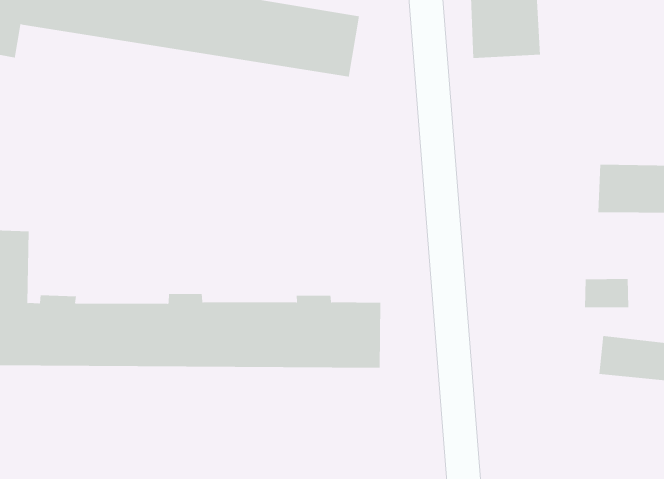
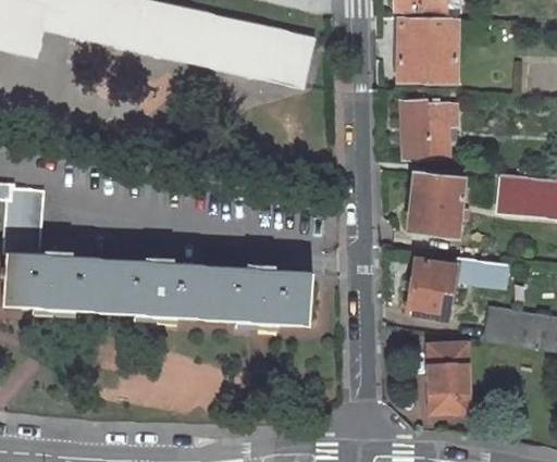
building: none -> [404,104,459,162]
building: none -> [407,178,461,240]
building: none -> [407,261,454,319]
building: none -> [429,344,469,411]

